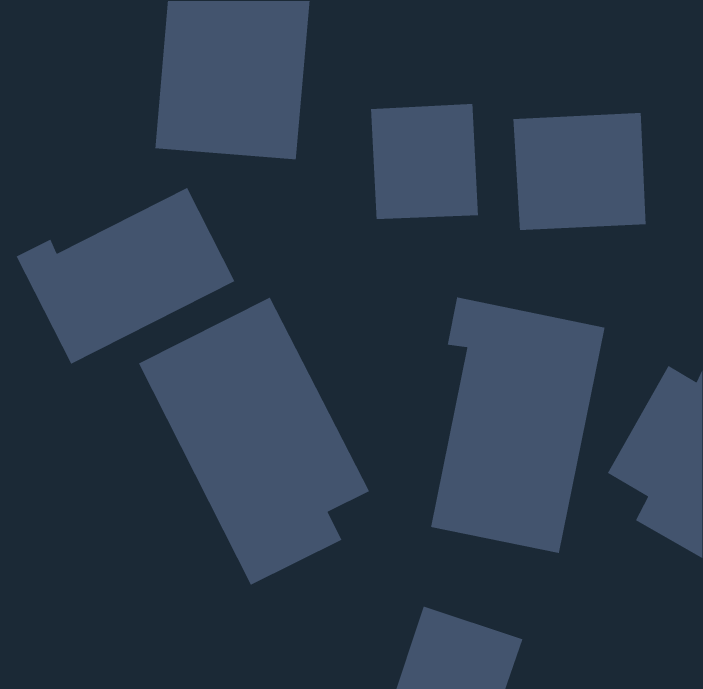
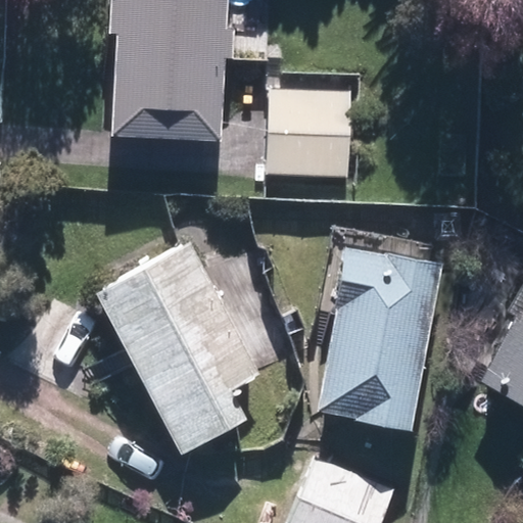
building: [512,112,646,231] -> none
building: [15,187,236,365] -> none

